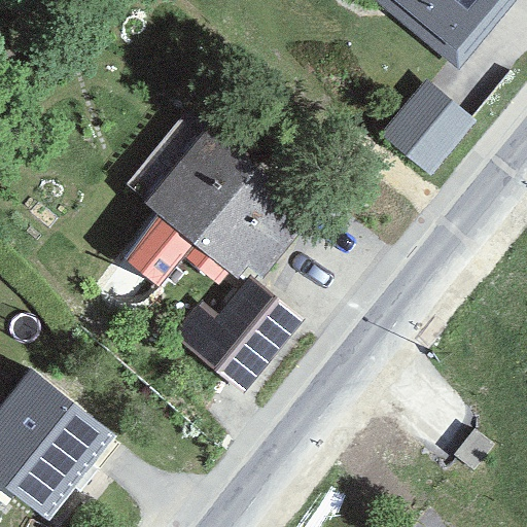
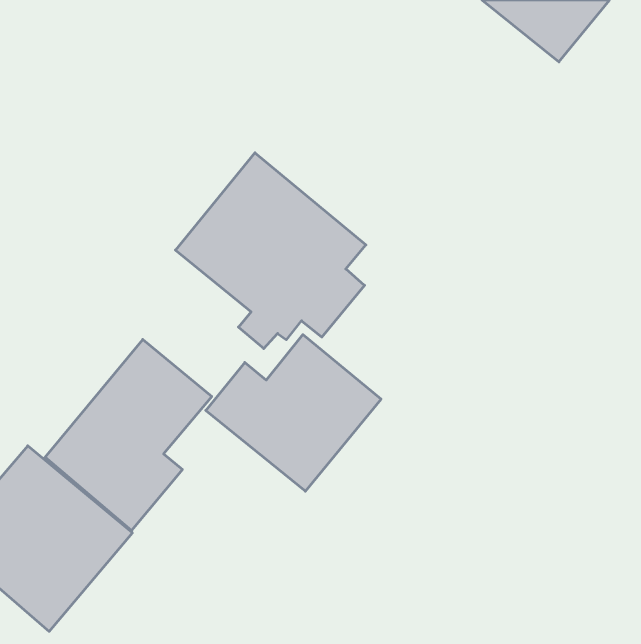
building: [380,74,477,172] -> none
building: none -> [45,339,212,531]

